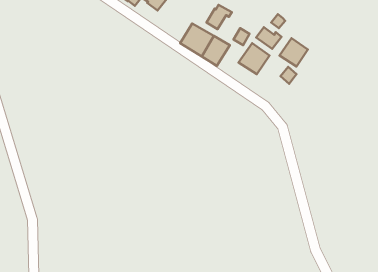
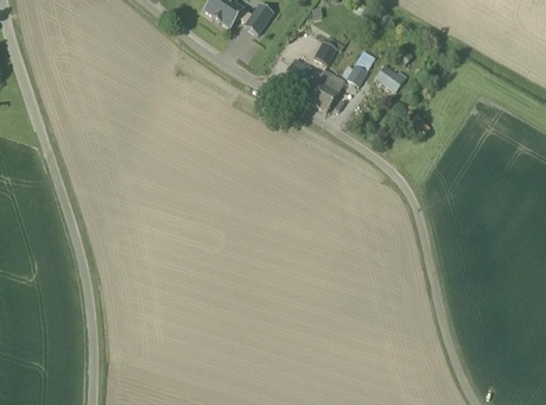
building: [279,38,308,66] -> none
building: [238,43,270,74] -> none

